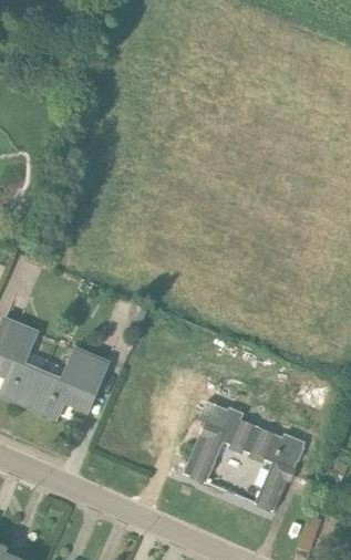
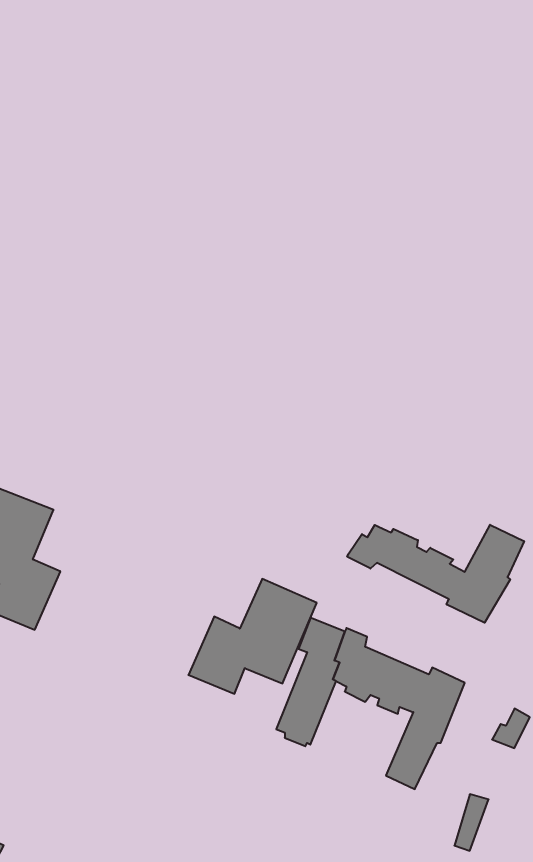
building: none -> [347,525,524,623]
building: [28,346,111,421] -> [188,579,317,694]

